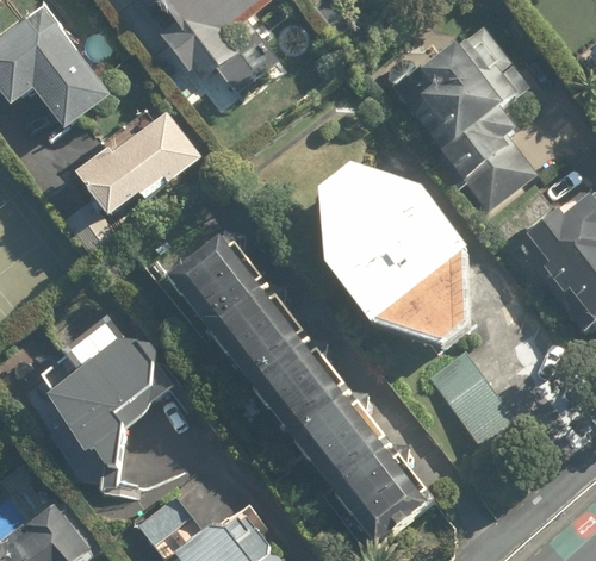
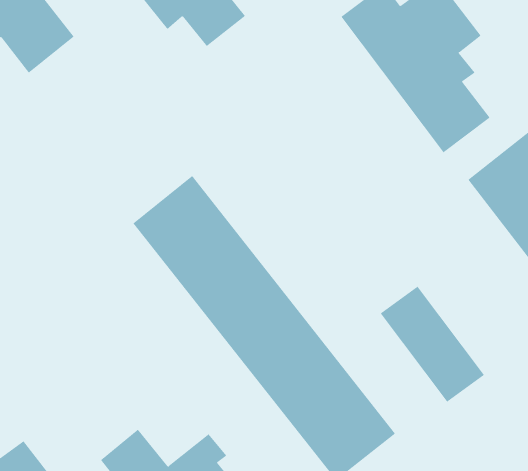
building: [73,98,199,219] -> none
building: [324,169,474,354] -> none
building: [41,320,156,491] -> none

